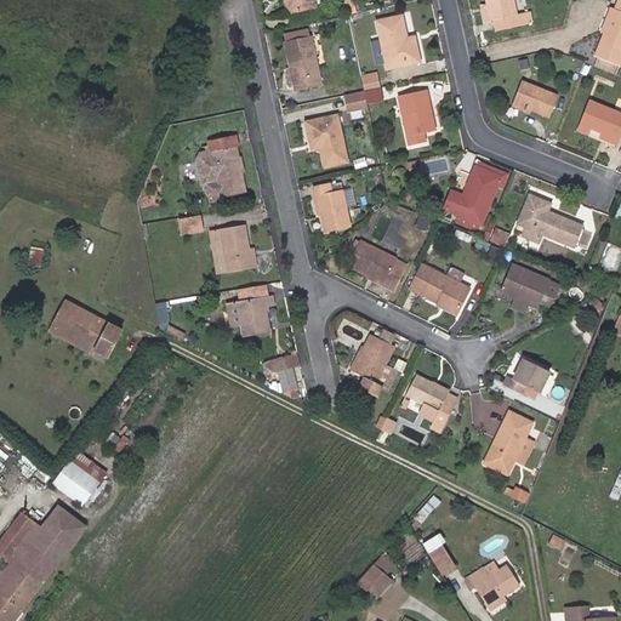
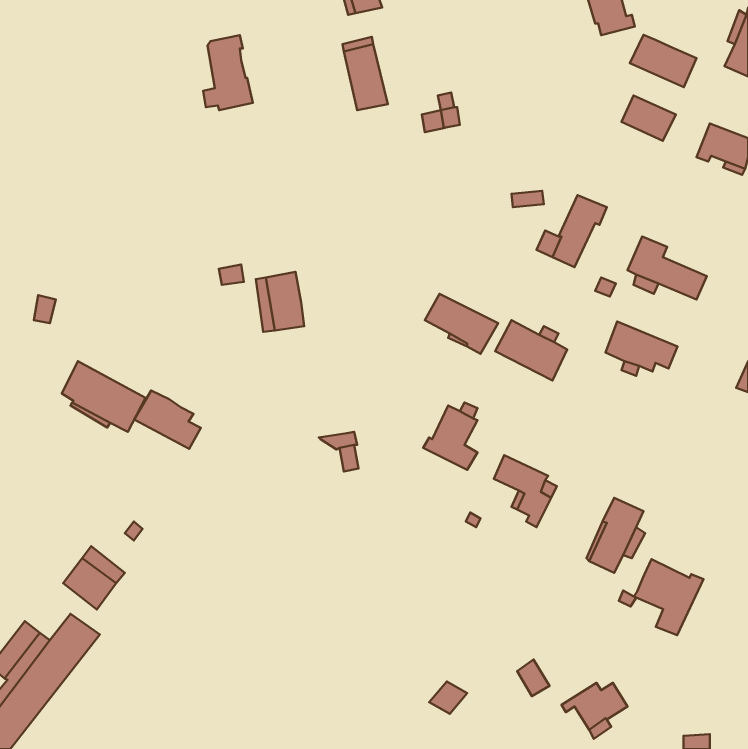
building: [377,15,412,68] -> none
building: none -> [630,35,696,87]
building: [397,90,434,146] -> none
building: [304,115,346,165] -> none
building: [205,137,246,199] -> [203,35,253,110]
building: [314,181,352,232] -> none
building: [226,285,273,337] -> none
building: none -> [134,390,201,449]
building: [502,360,547,394] -> none
building: none -> [634,559,704,635]

